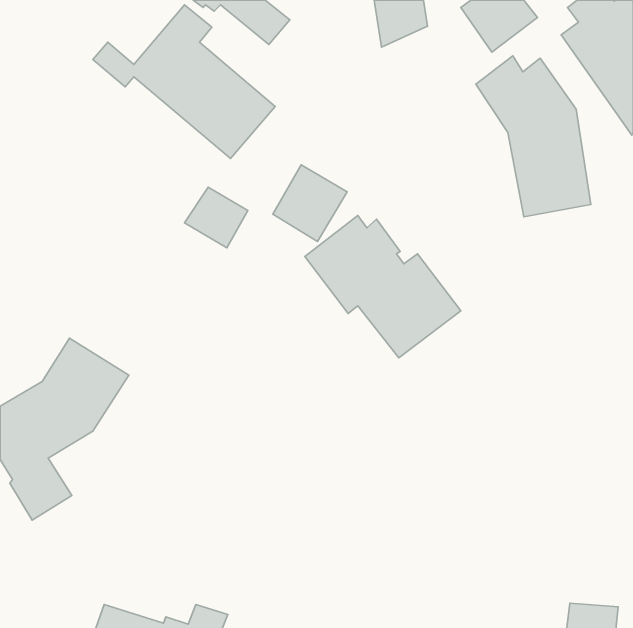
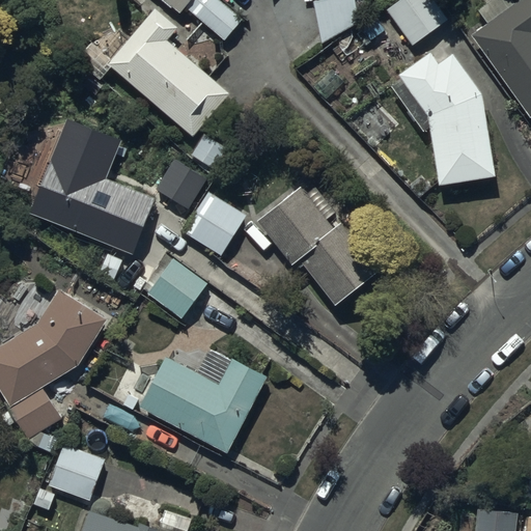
building: none -> [29,118,158,255]
building: [273,165,347,242] -> [184,193,246,257]
building: none -> [140,255,207,322]
building: none -> [138,350,267,453]
building: none -> [48,443,105,502]

